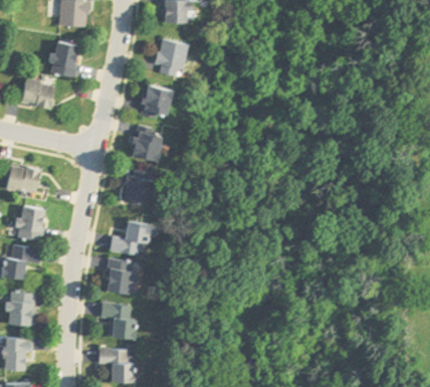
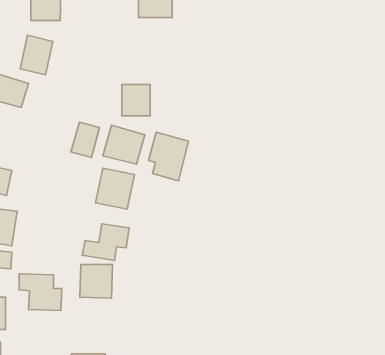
building: [152,38,188,78] -> none
building: none -> [71,122,100,158]
building: none -> [149,132,188,181]
building: [97,301,139,336] -> [19,274,62,311]

